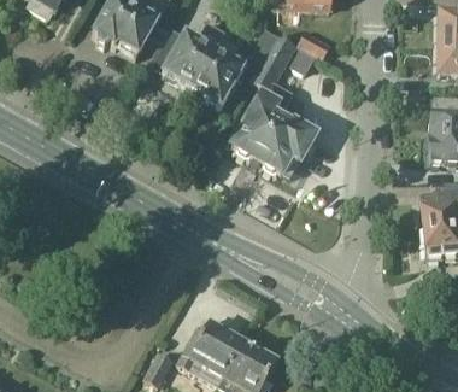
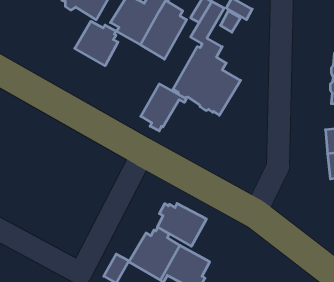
building: none -> [75,21,118,66]
building: none -> [141,84,186,131]
building: none -> [157,203,206,246]

